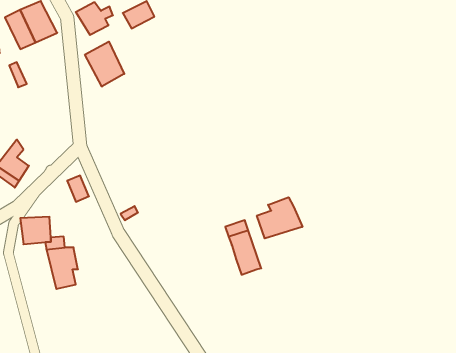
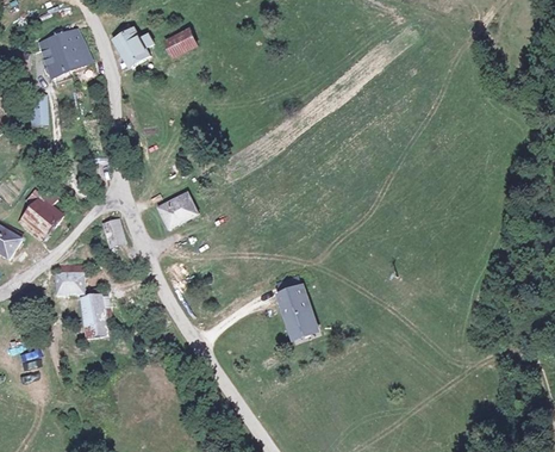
building: [85,42,124,87] -> none
building: none -> [157,191,194,224]
building: [257,197,302,238] -> none

